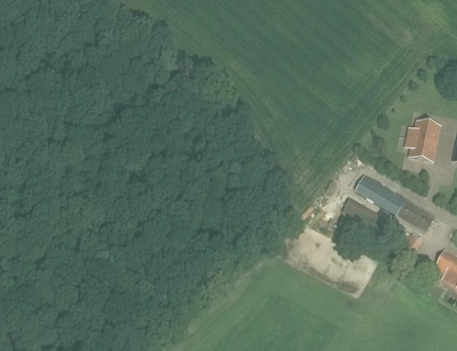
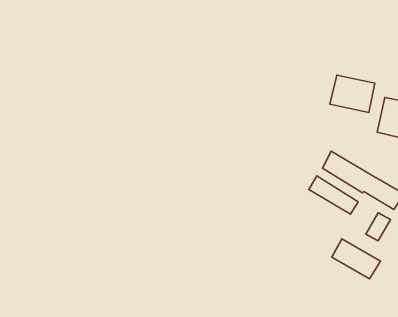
building: none -> [330,75,375,113]
building: none -> [332,239,380,279]

